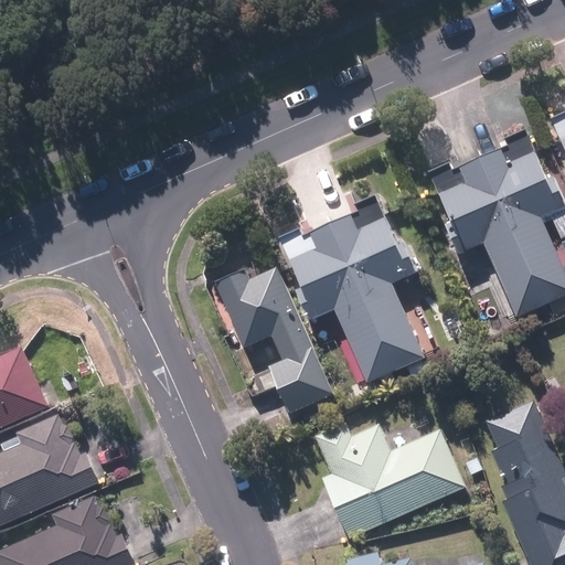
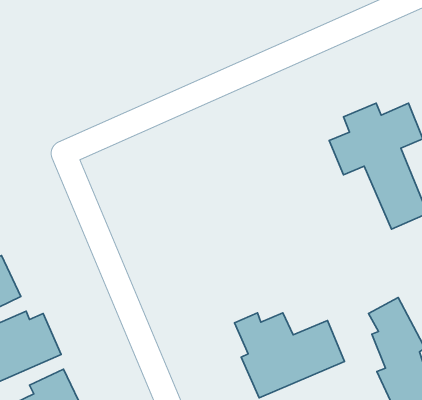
building: [295,217,420,379] -> none
building: [216,267,332,412] -> none

